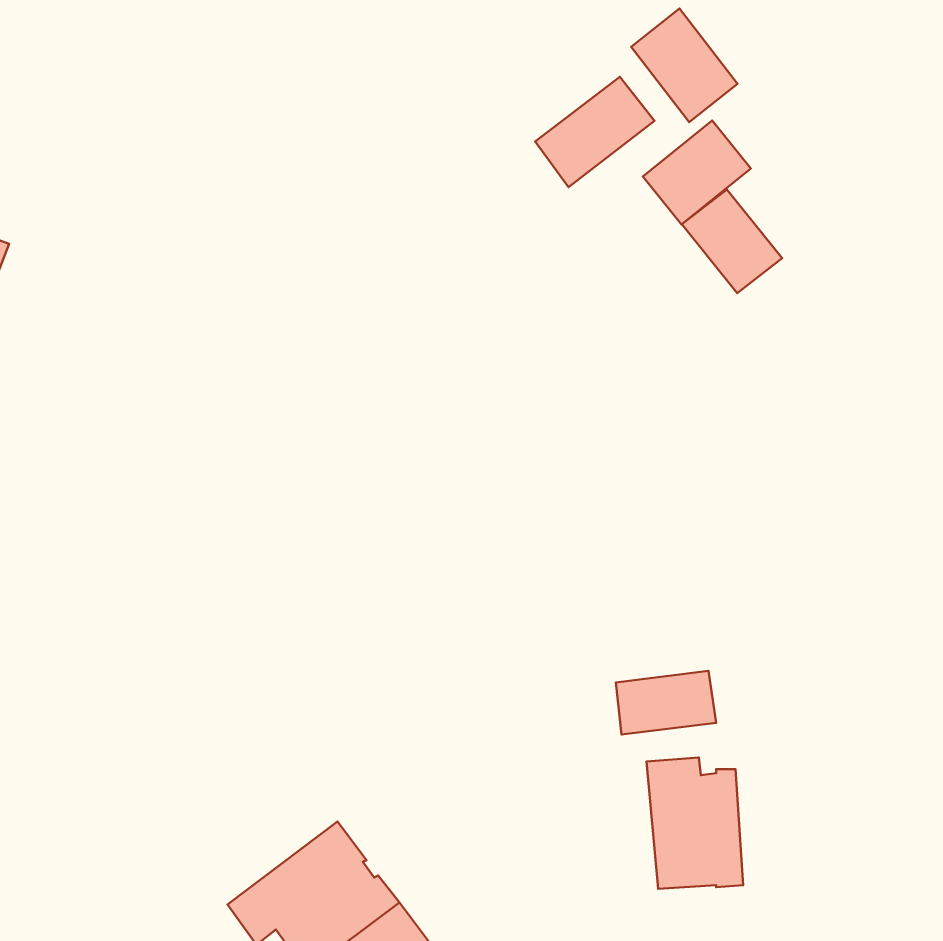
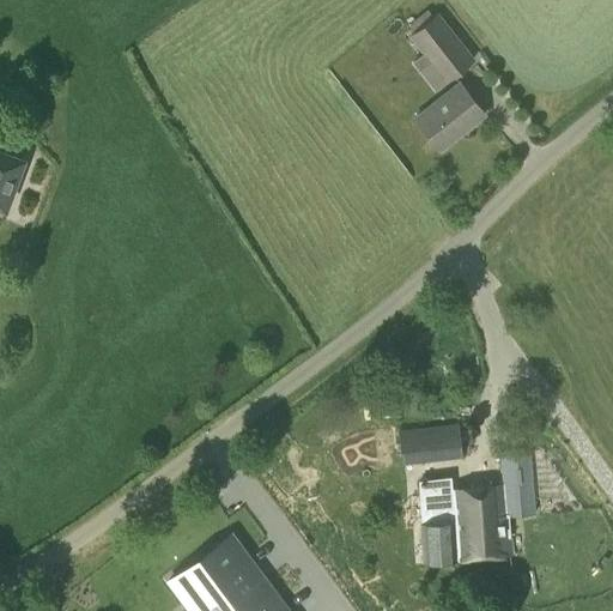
building: [535,77,655,187] -> none
building: [682,189,782,293] -> none
building: none -> [473,456,534,561]

